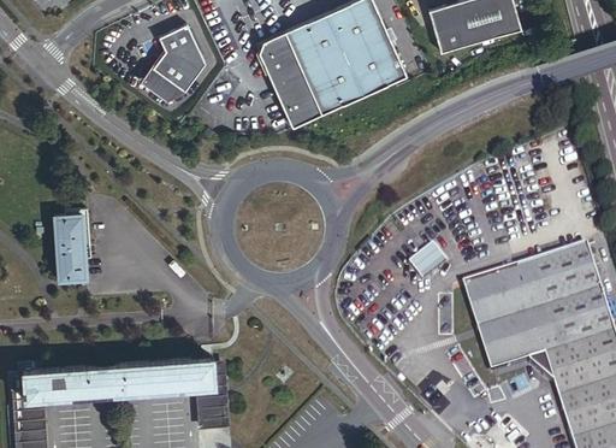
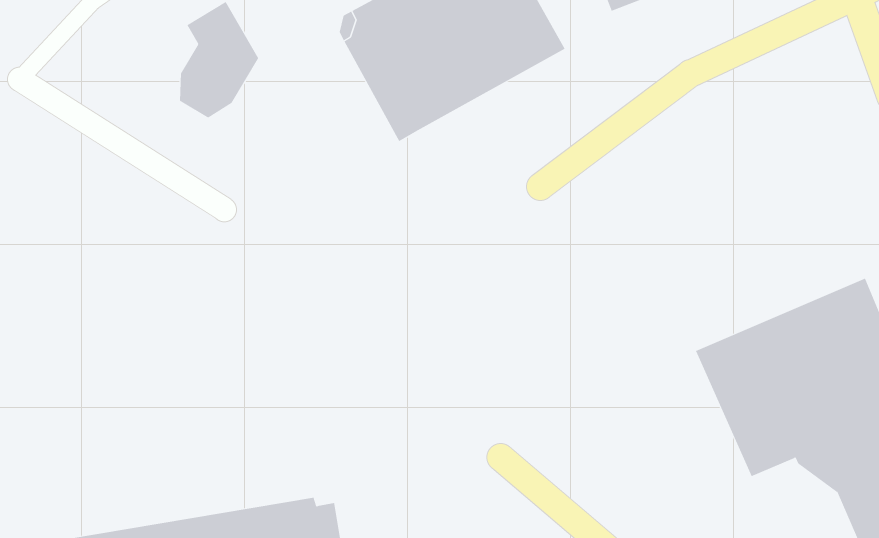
building: [53,210,88,279] -> none
building: [410,243,448,278] -> none

